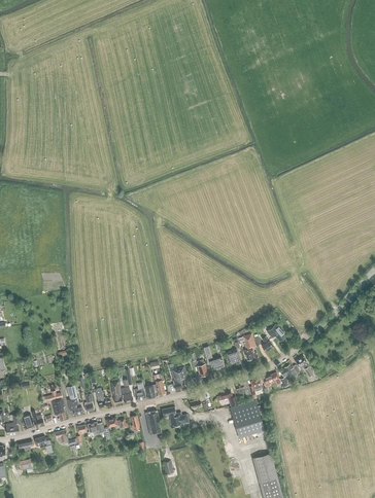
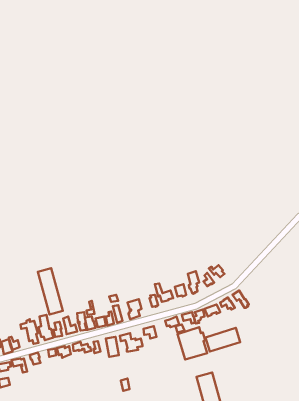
building: none -> [38,268,63,314]
building: none -> [206,328,240,352]

